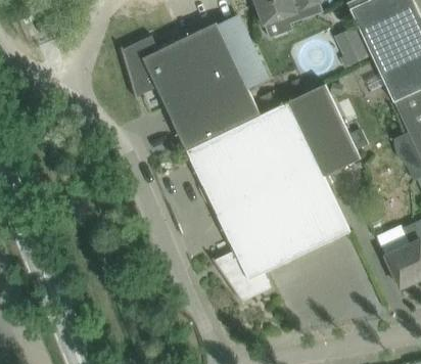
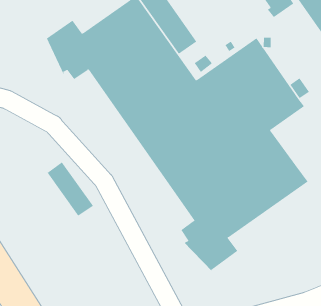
building: none -> [47,162,94,217]

